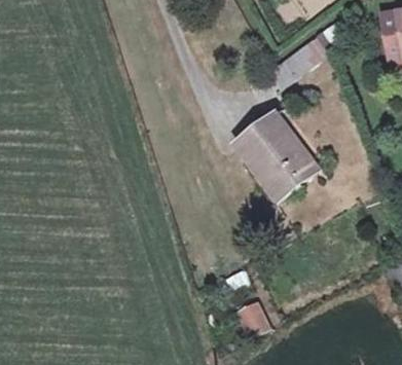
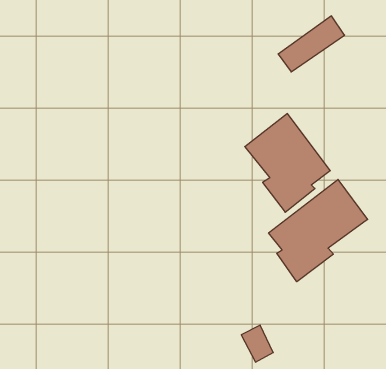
building: none -> [269,179,368,282]

